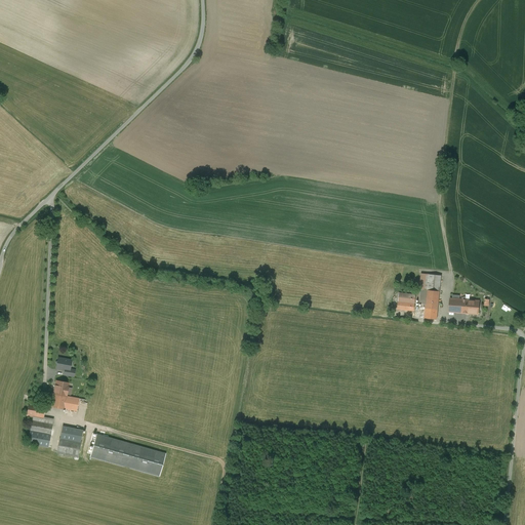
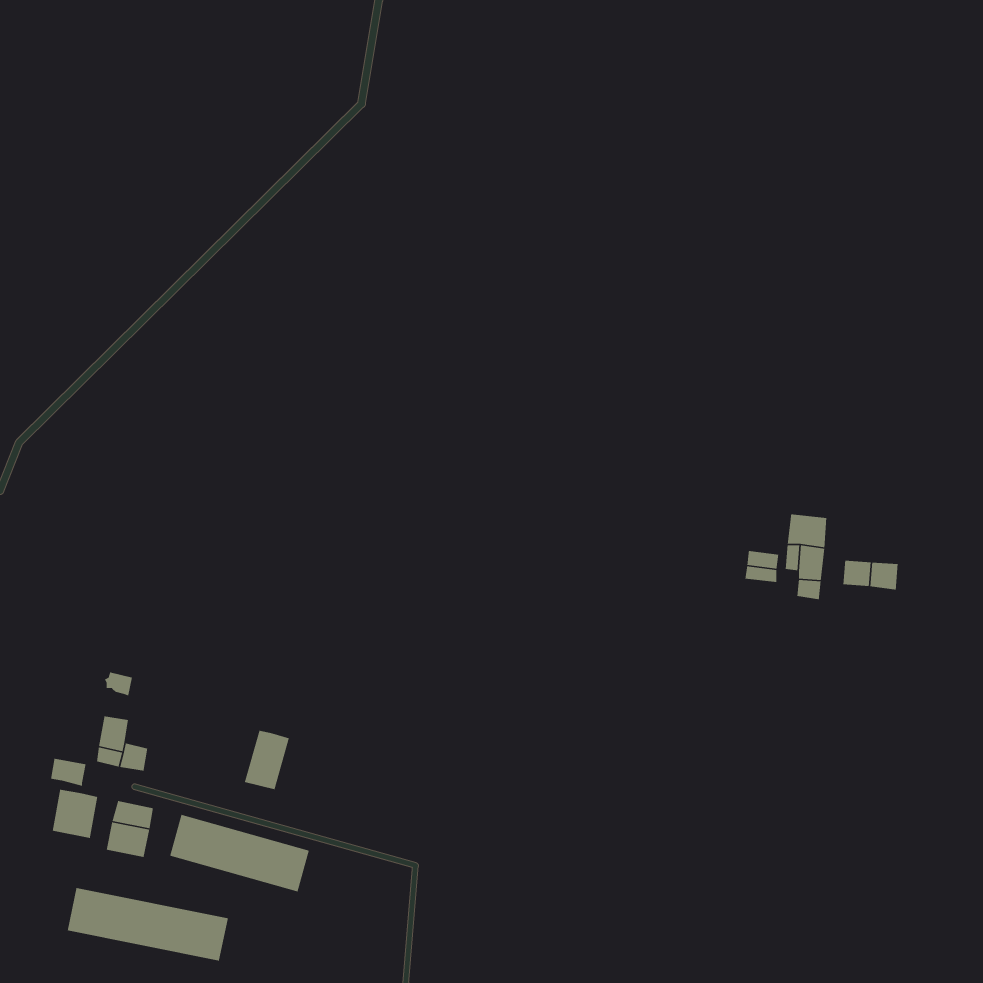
building: none -> [244,730,290,790]
building: none -> [67,887,229,961]

